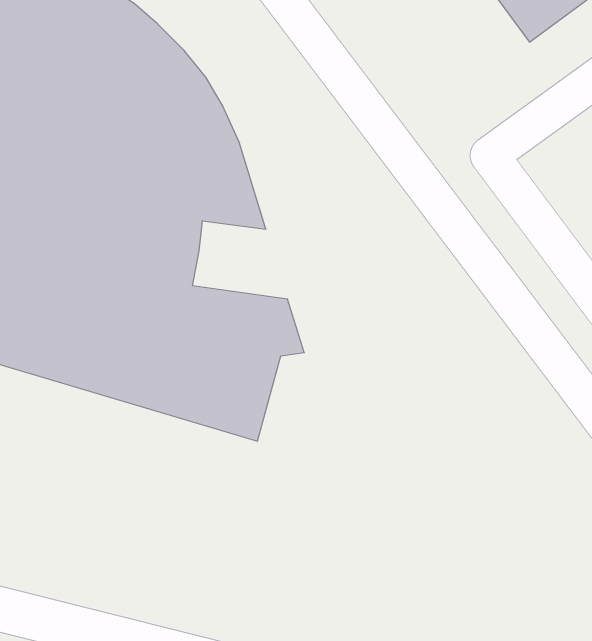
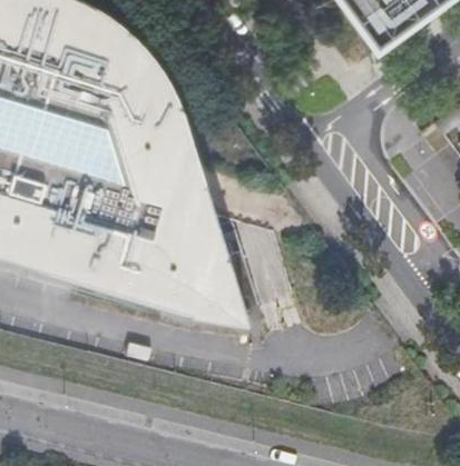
building: none -> [148,163,212,216]
building: none -> [192,251,251,326]

